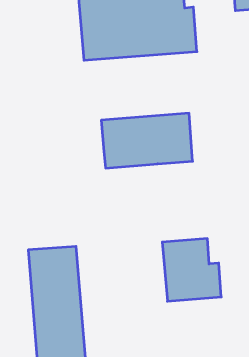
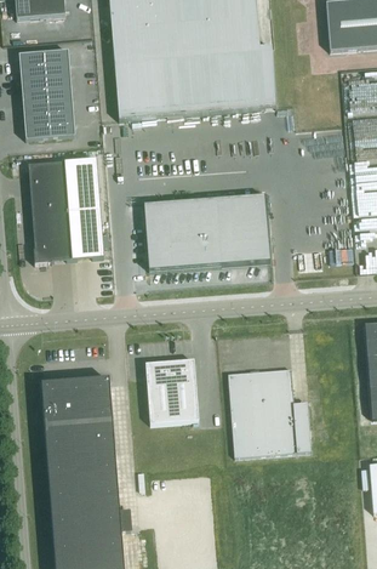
building: none -> [19,50,75,138]
building: none -> [29,159,103,263]
building: none -> [145,359,199,423]

